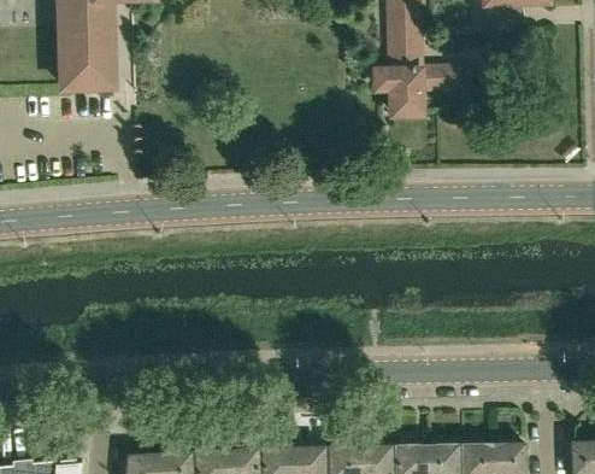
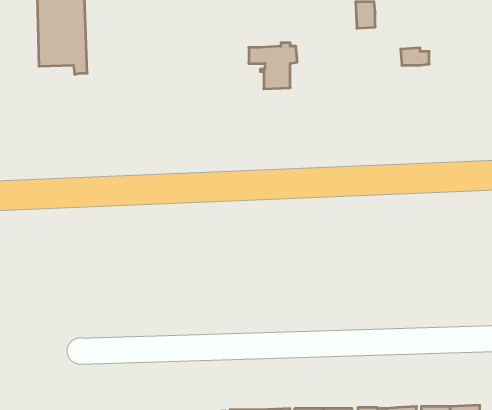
building: [376,66,426,115] -> [249,43,297,89]

